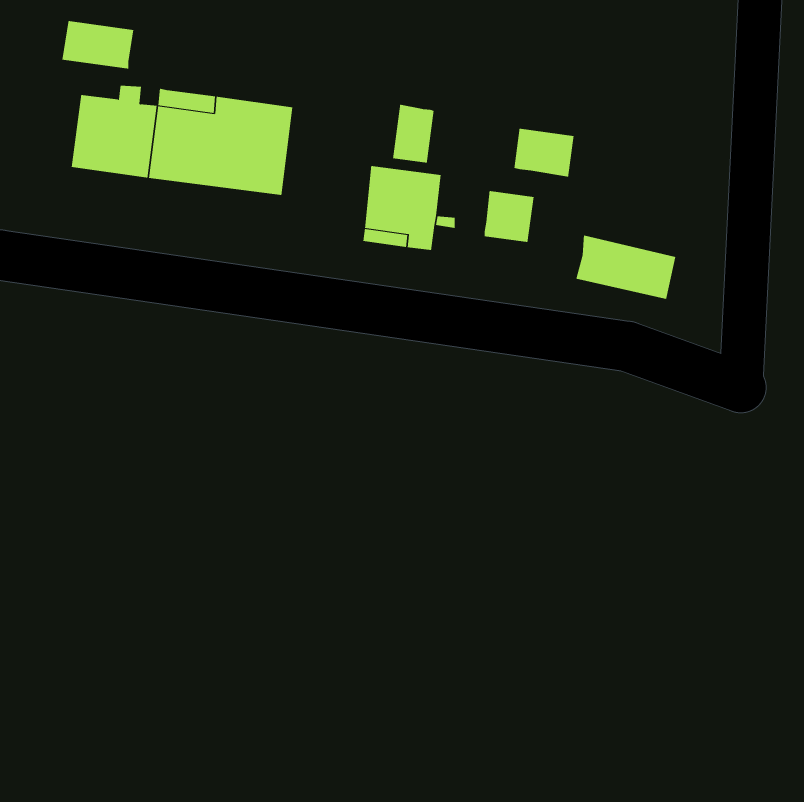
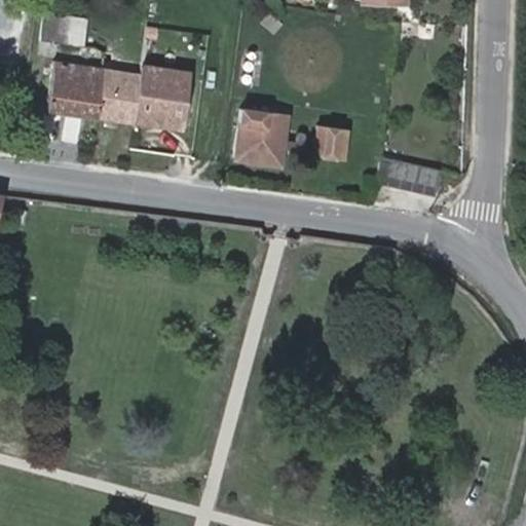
building: [392,104,434,164] -> none
building: [514,128,574,177] -> none

